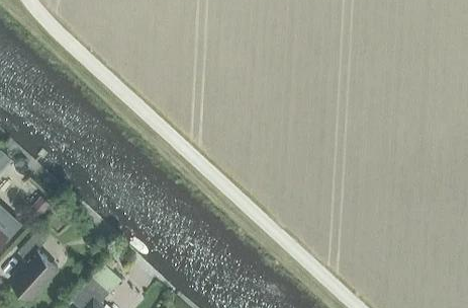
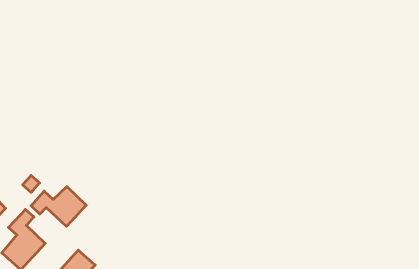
building: none -> [31,187,86,226]

